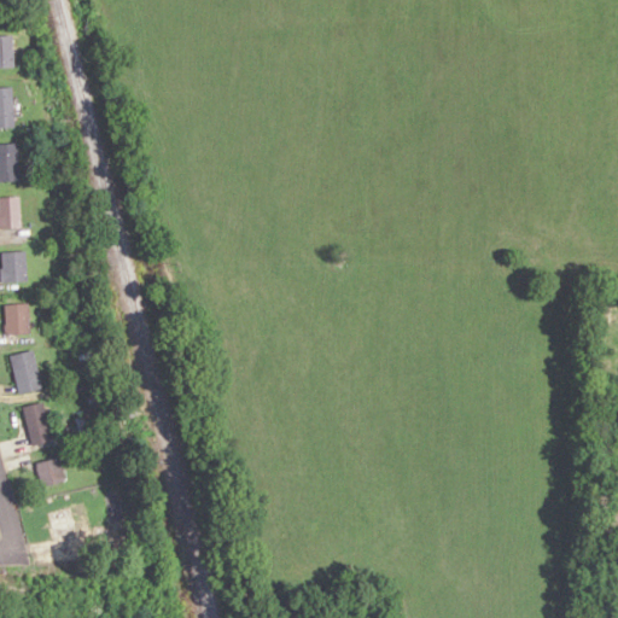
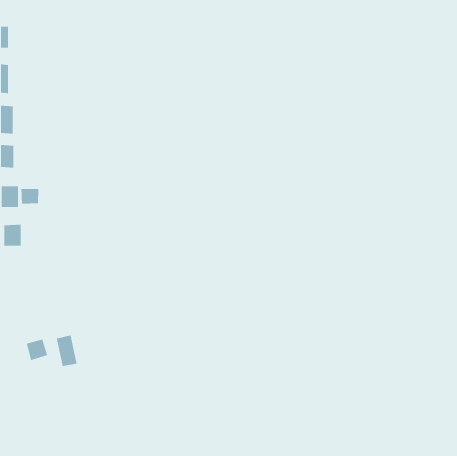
building: none -> [20,188,39,204]
building: [10,351,42,396] -> none
building: [23,403,52,447] -> [56,334,77,367]

